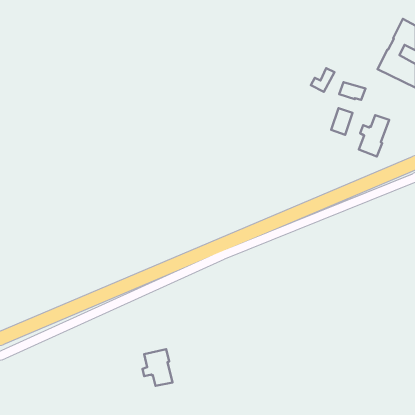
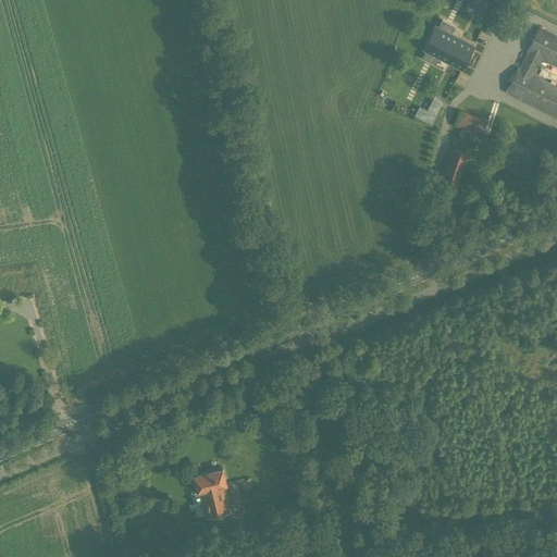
building: none -> [423,25,475,70]
building: [359,115,389,156] -> none

